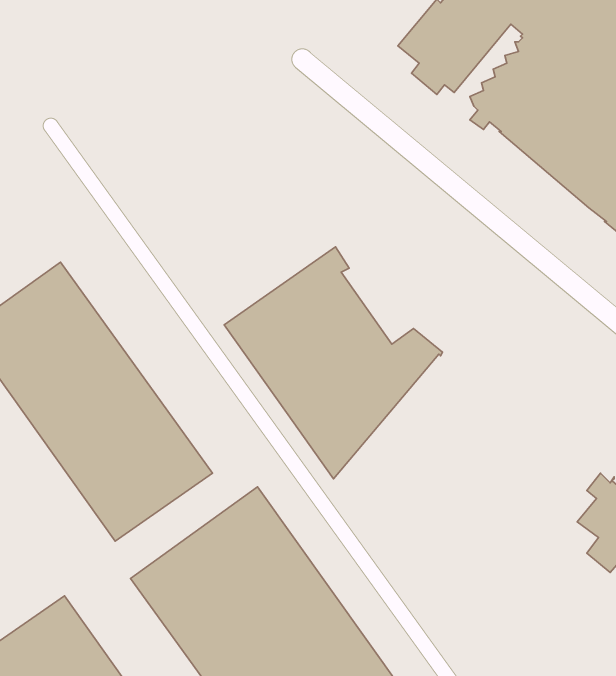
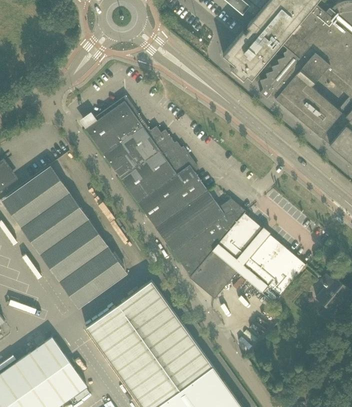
building: none -> [85,99,191,198]
building: none -> [189,213,307,304]

